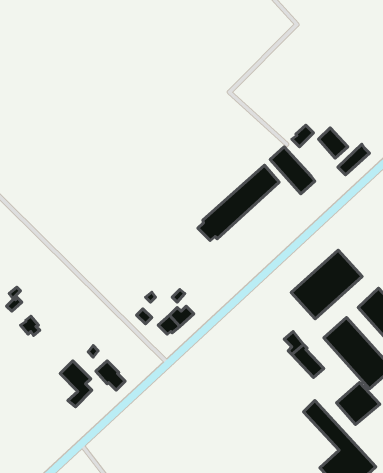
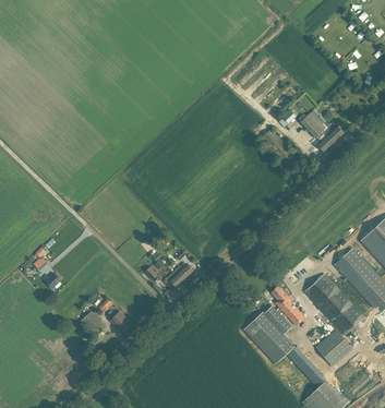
building: [198,165,279,241] -> none
building: [291,250,362,319] -> none
building: none -> [243,305,293,364]

